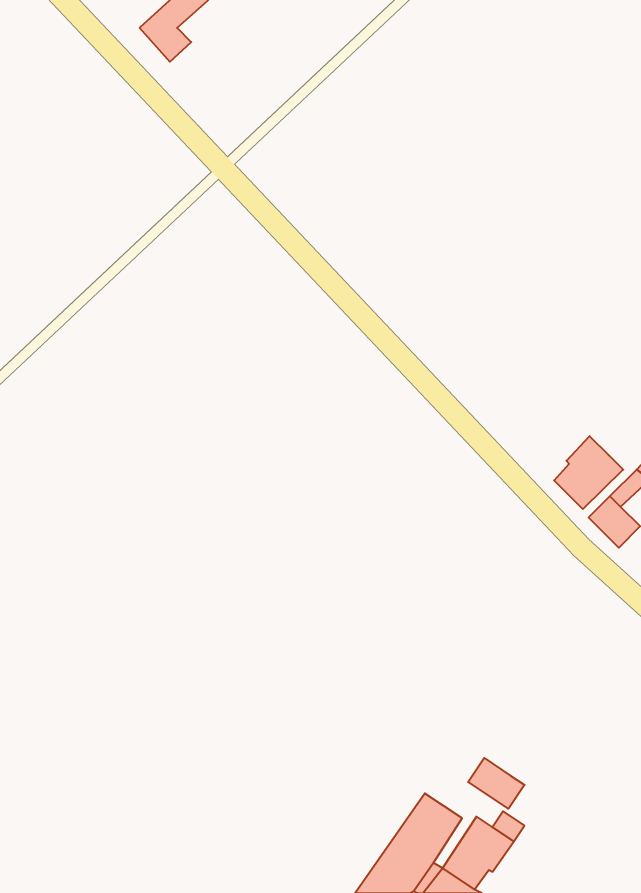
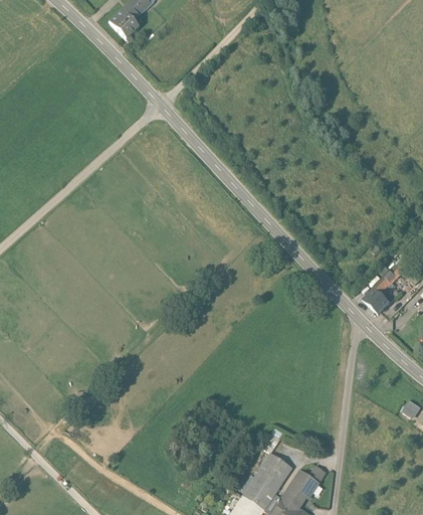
building: [554,436,623,509] -> none
building: [468,758,525,809] -> none

